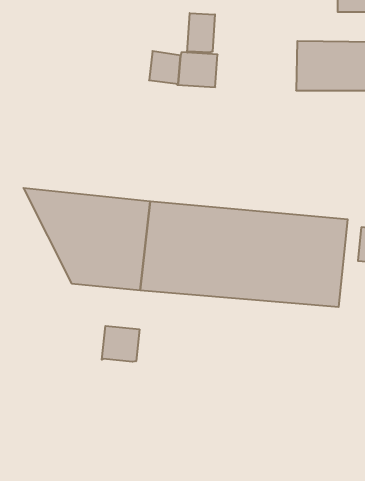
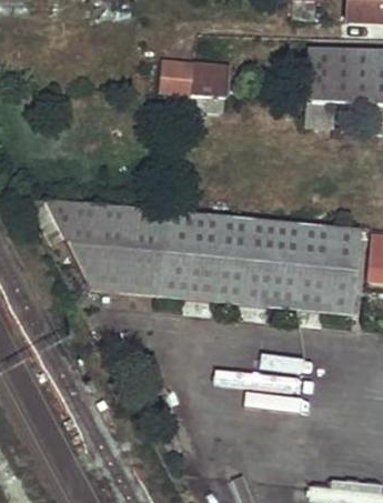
building: [187,13,215,53] -> none
building: [102,326,139,362] -> none

